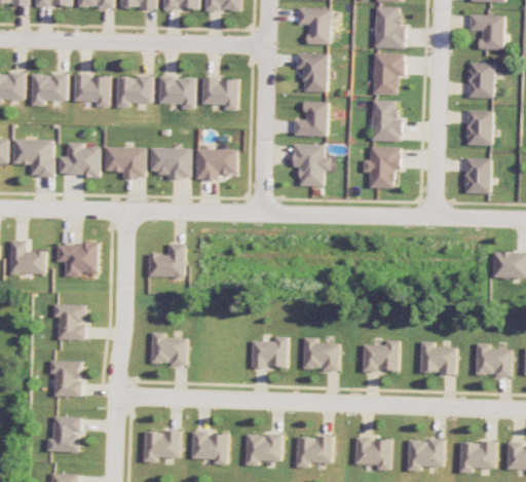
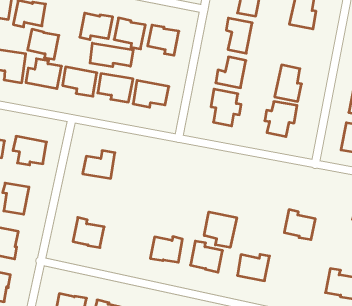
building: [373,53,405,95] -> none
building: [74,74,110,107] -> [28,29,59,59]
building: none -> [90,43,133,67]
building: none -> [204,212,237,247]
building: [419,341,455,374] -> [284,210,315,240]

